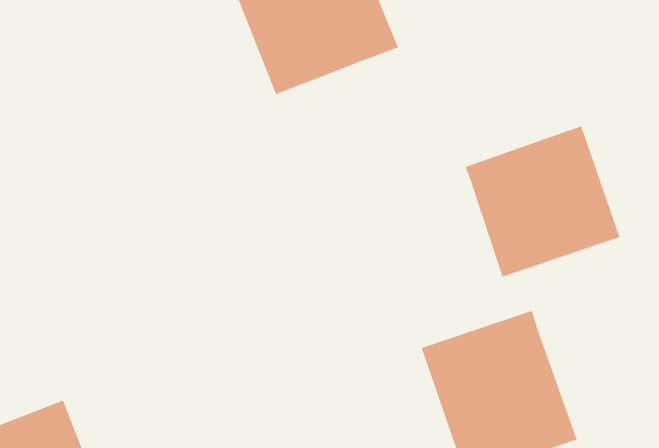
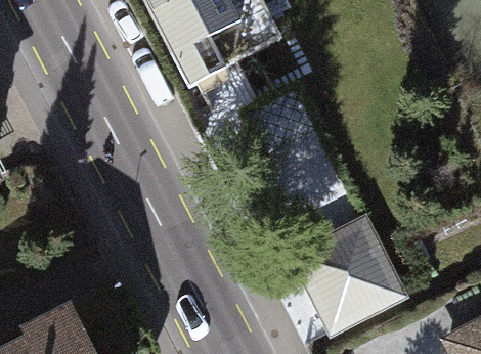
building: [465,126,620,278] -> none

